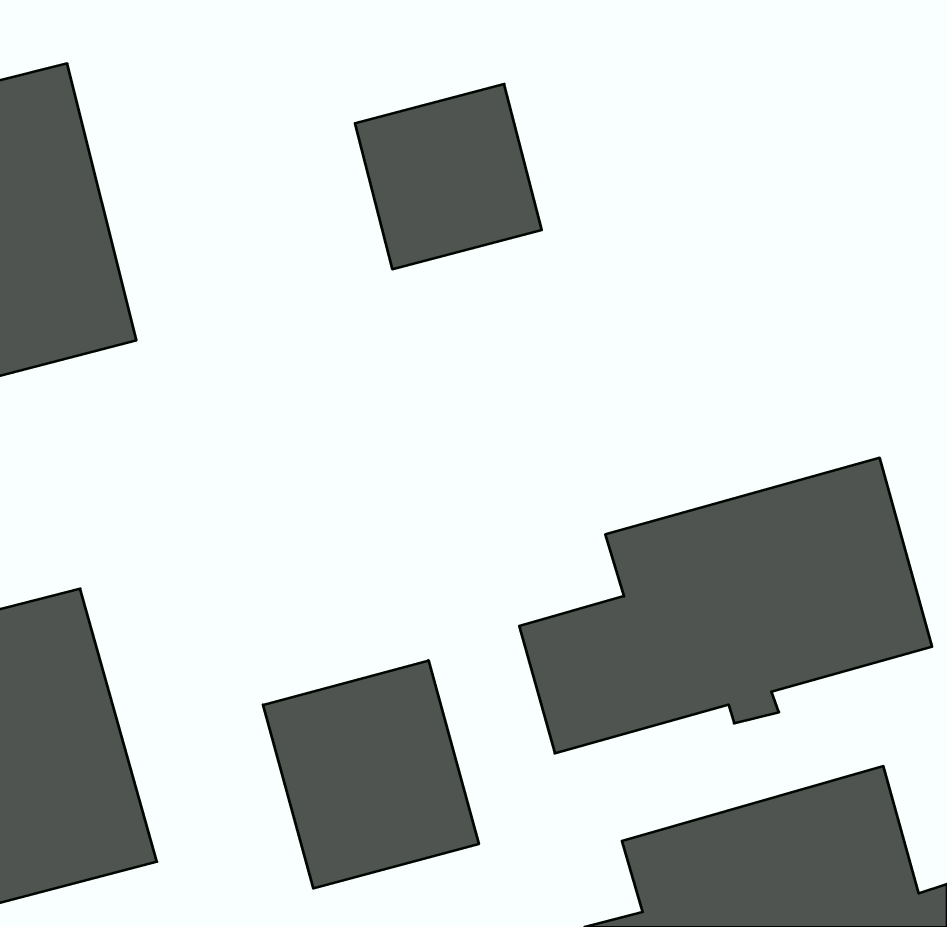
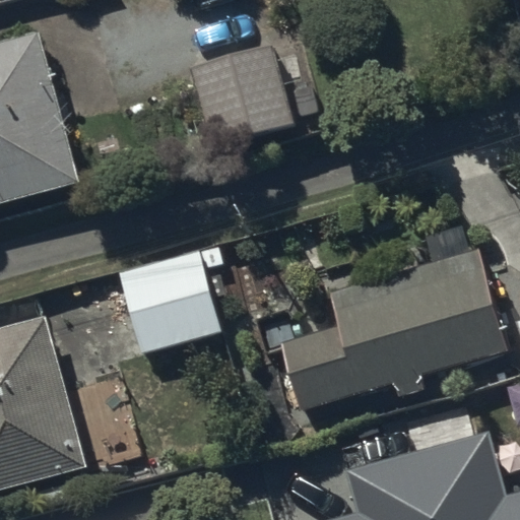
building: none -> [119,250,224,351]
building: [263,660,479,888] -> none

